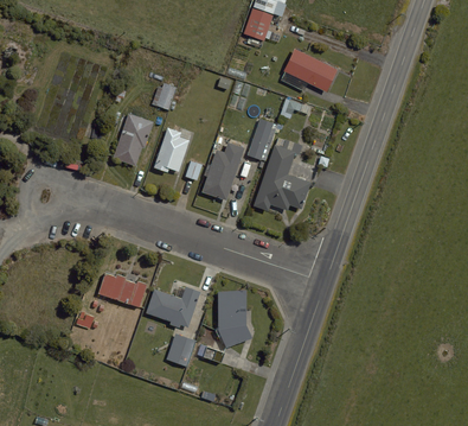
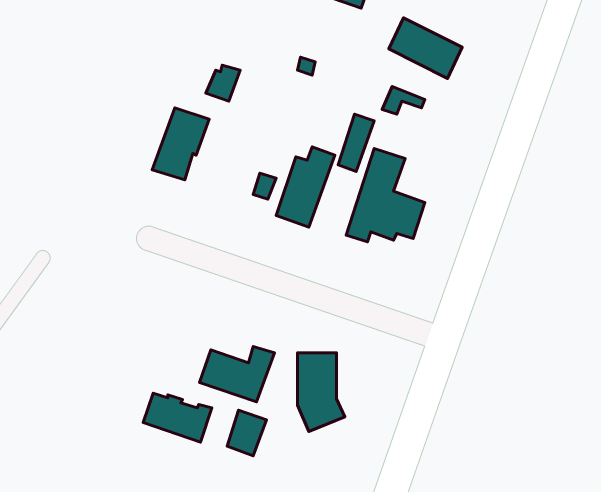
building: [154,128,190,172] -> none
building: [98,273,148,309] -> [143,393,212,442]

